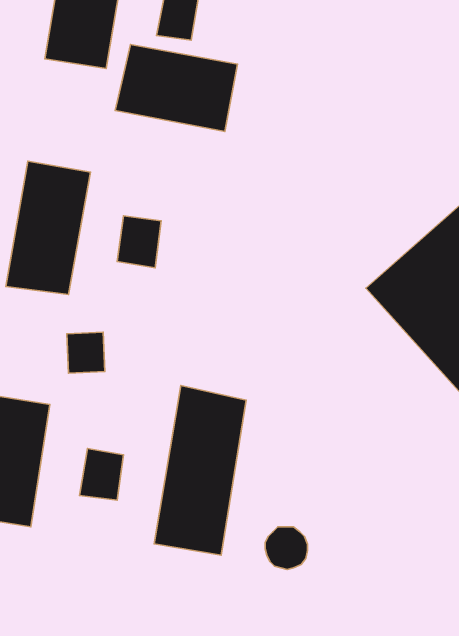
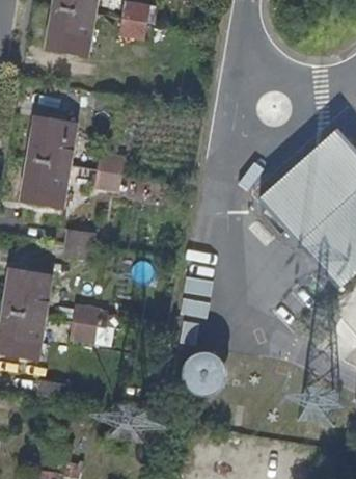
building: [115,44,238,131] -> none
building: [154,385,246,555] -> none

